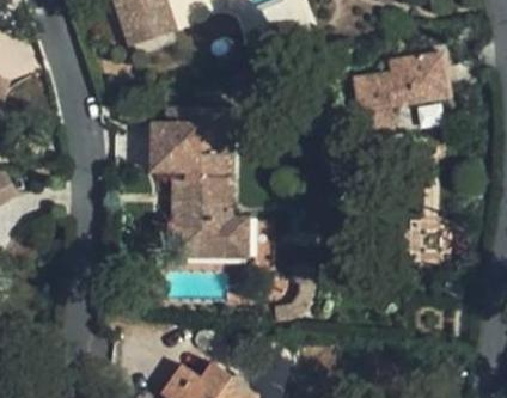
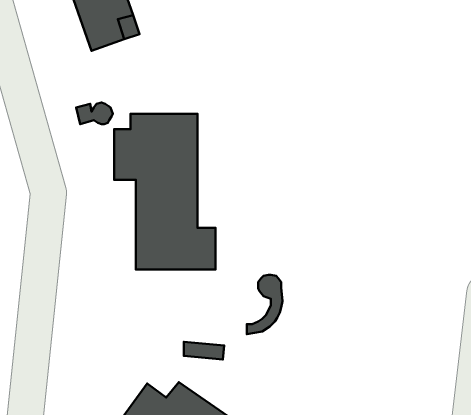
building: [353,50,450,137] -> none

